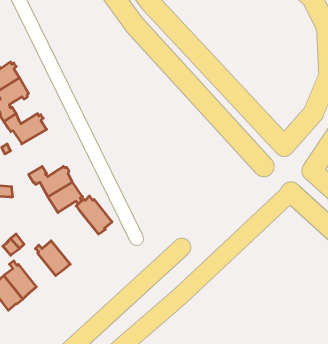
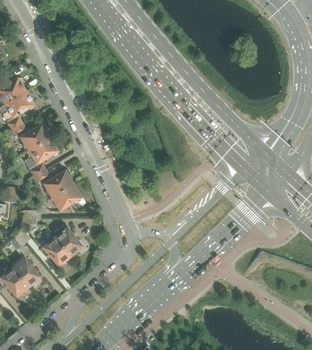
building: none -> [24,136,57,176]
building: [76,196,112,234] -> [50,222,82,256]

